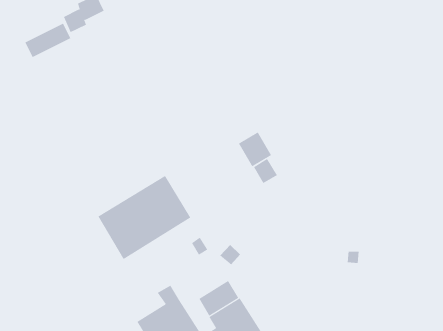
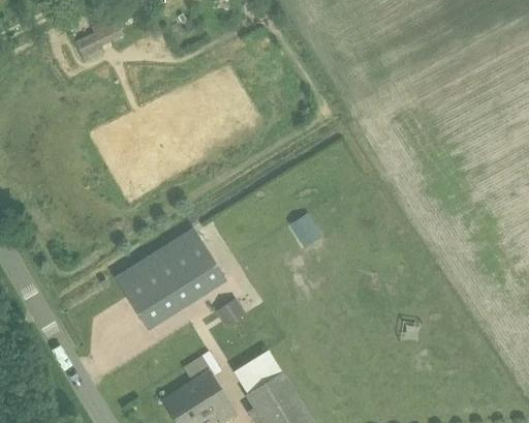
building: [24,23,71,58] -> none
building: [238,131,272,167] -> none

